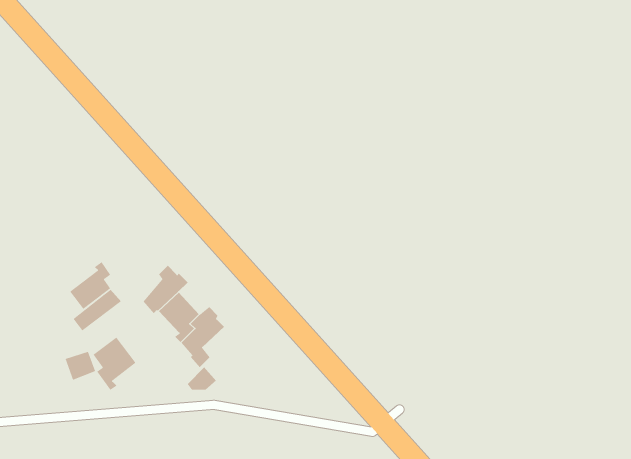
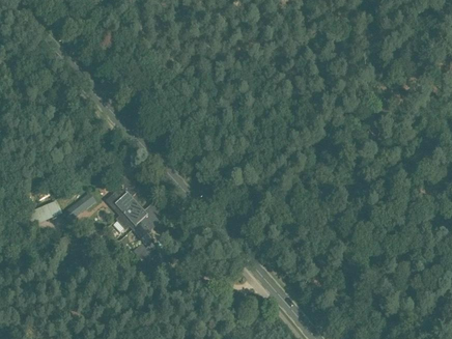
building: [69,261,111,310] -> none
building: [93,336,137,391] -> none

